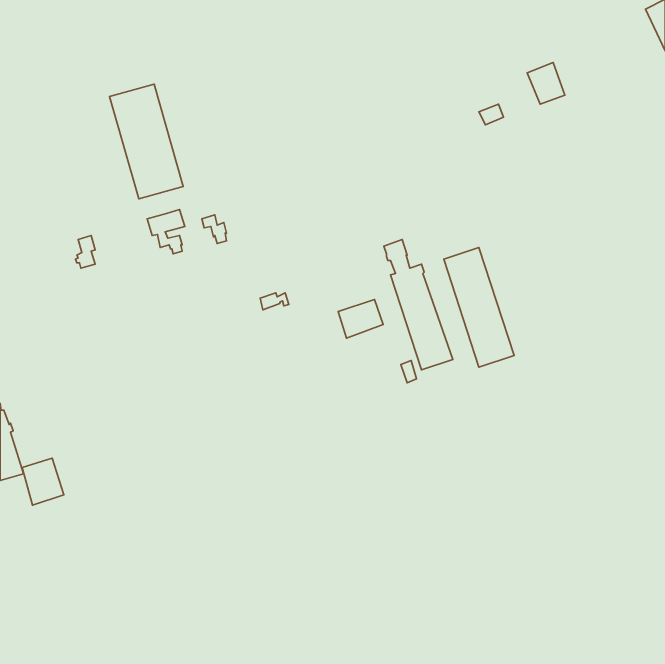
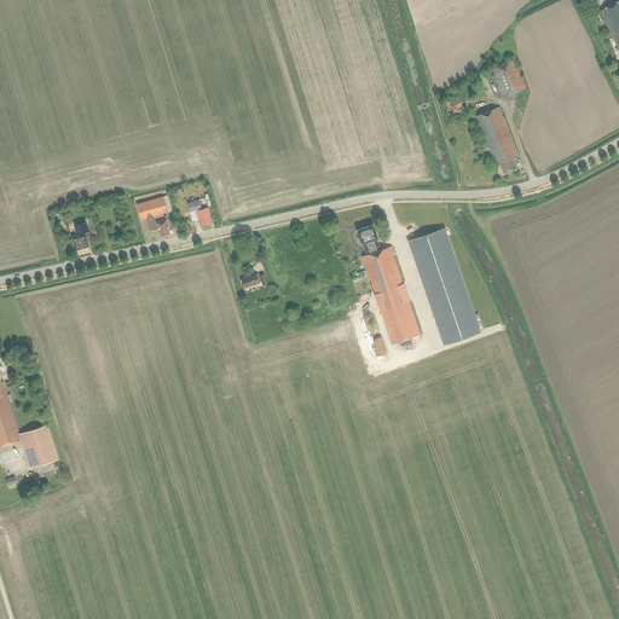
building: [109,84,183,199] -> none
building: none -> [474,106,516,173]
building: [338,300,383,338] -> none

